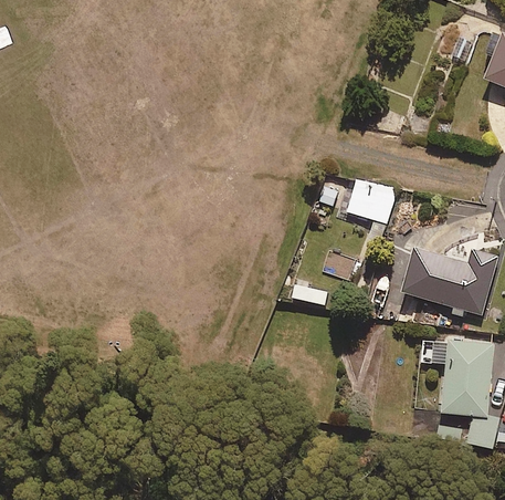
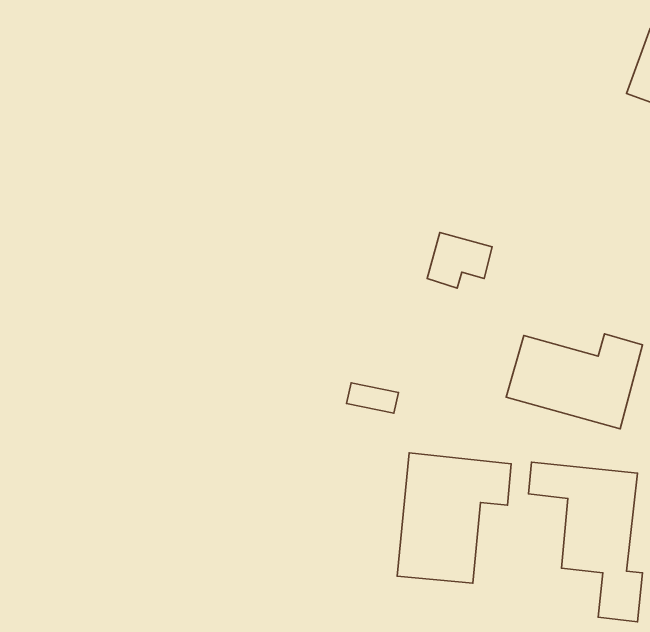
building: none -> [397,453,511,583]

